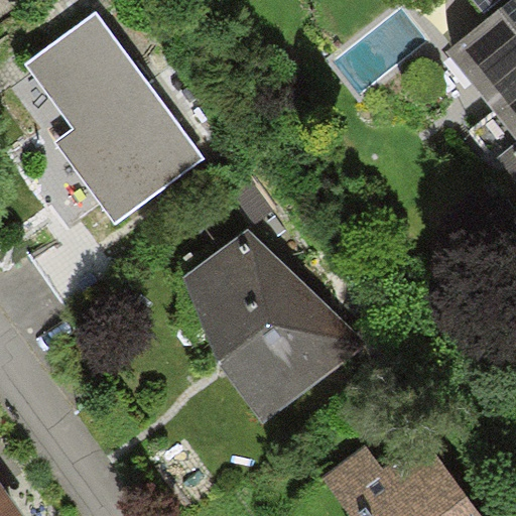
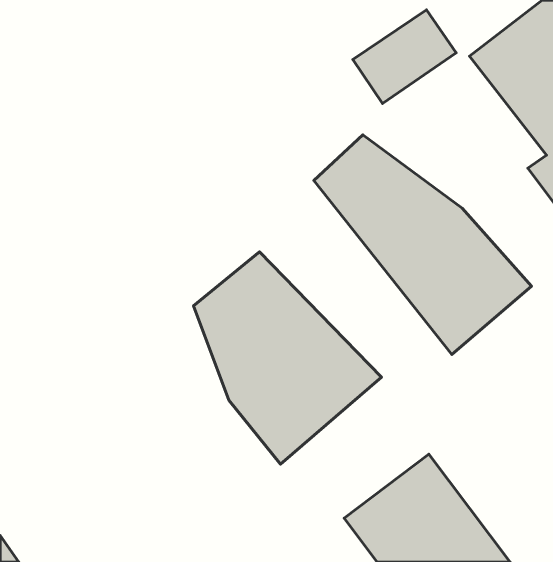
building: [32,16,213,228] -> none
building: none -> [314,135,531,355]

